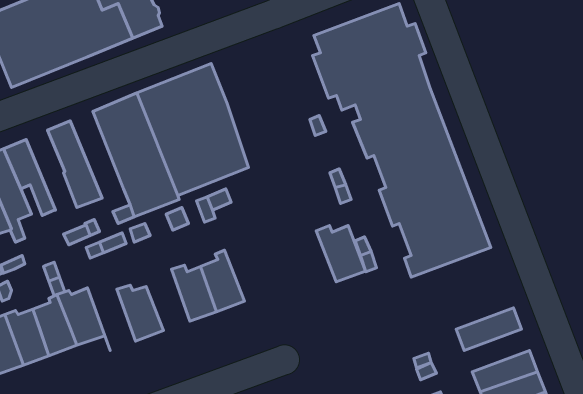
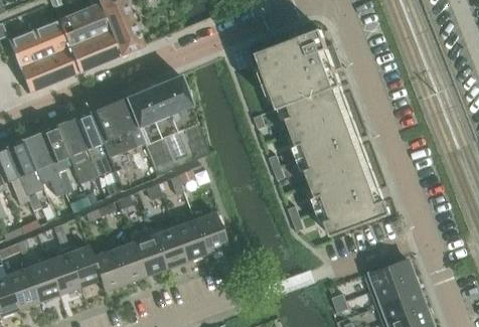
building: none -> [72,112,113,177]
building: none -> [39,126,72,194]
building: [316,226,366,282] -> [189,212,226,255]
building: none -> [130,230,163,277]
building: none -> [86,244,122,292]
building: none -> [370,276,420,308]

